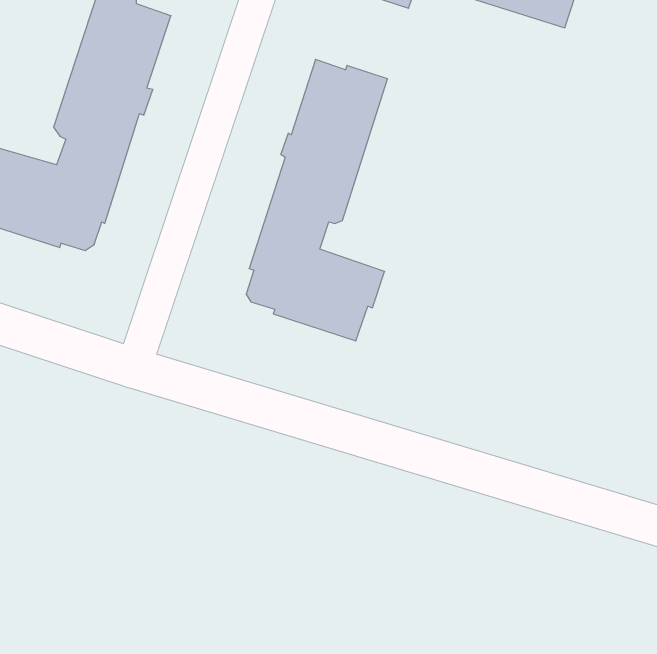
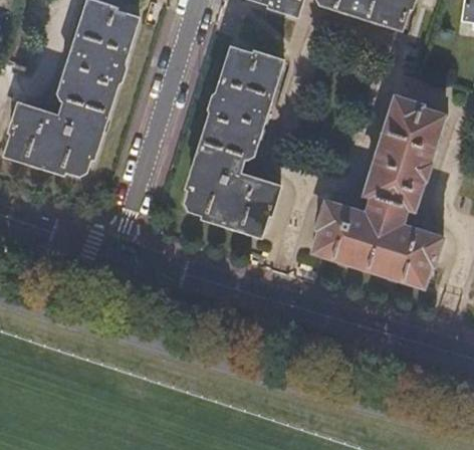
building: none -> [313,96,444,287]

